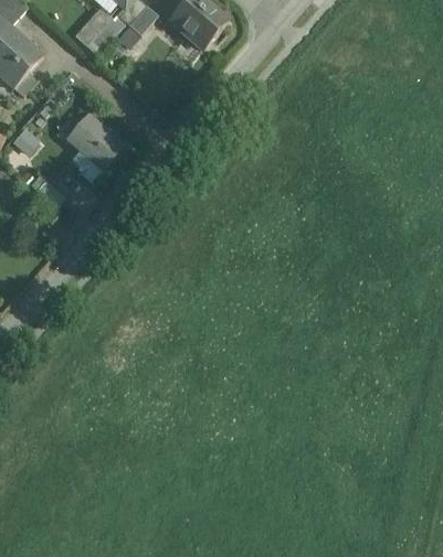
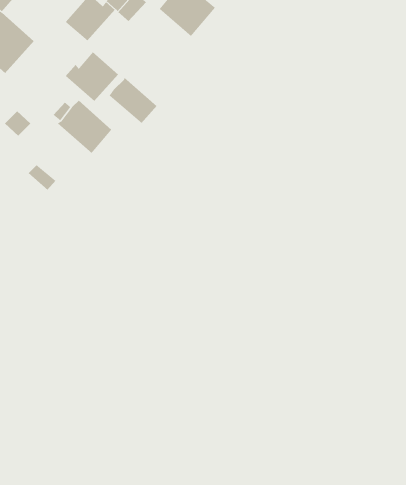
building: none -> [65,51,119,102]
building: none -> [109,77,158,124]

